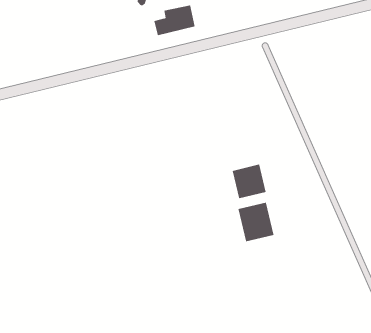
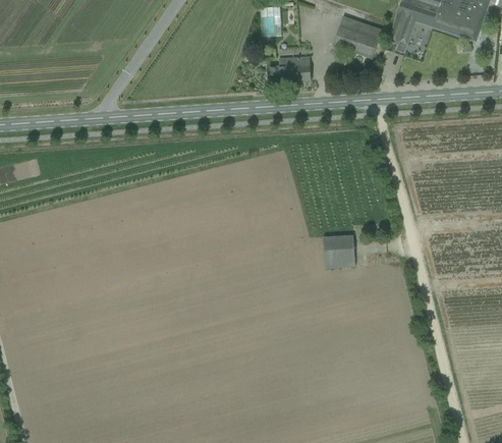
building: [238,202,274,242] -> none

